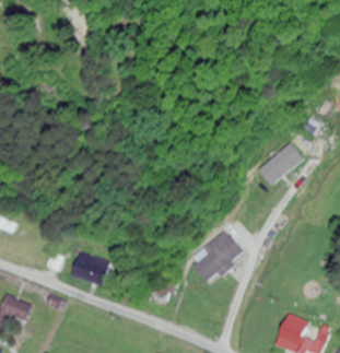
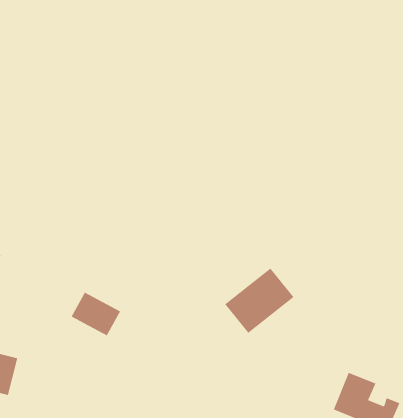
building: [250,150,301,195] -> none

